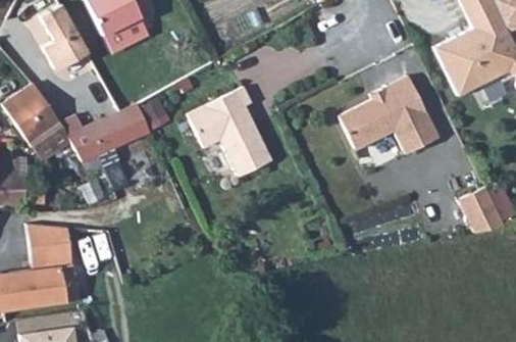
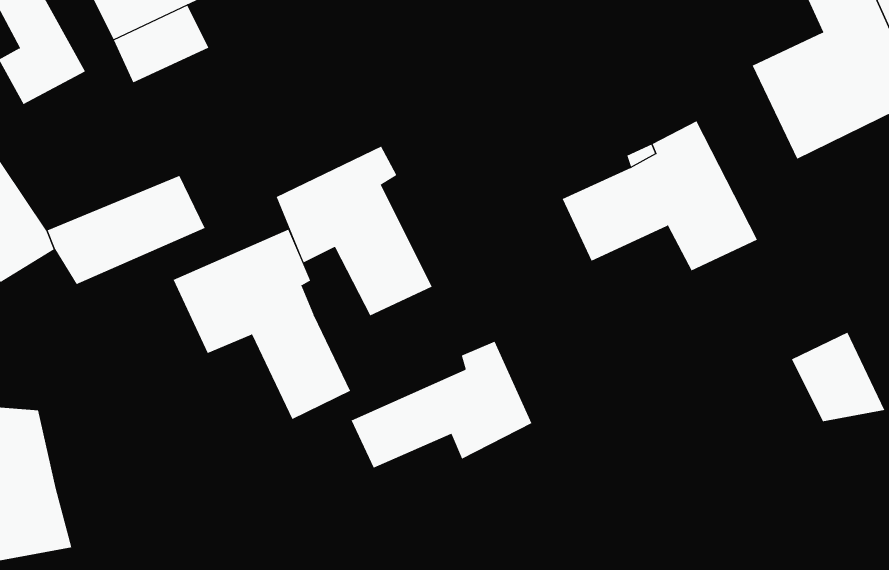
building: none -> [173,229,351,420]
building: none -> [351,341,532,468]

